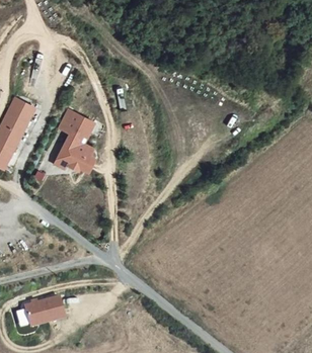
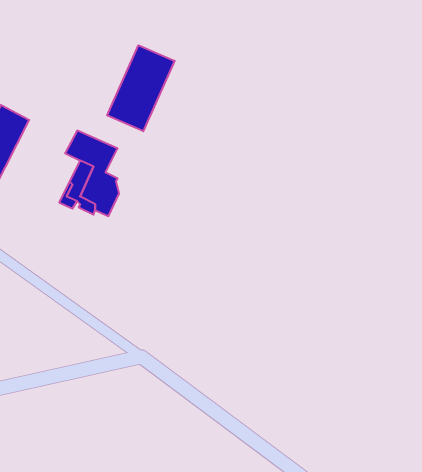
building: none -> [107,45,175,131]
building: [25,296,66,327] -> none

